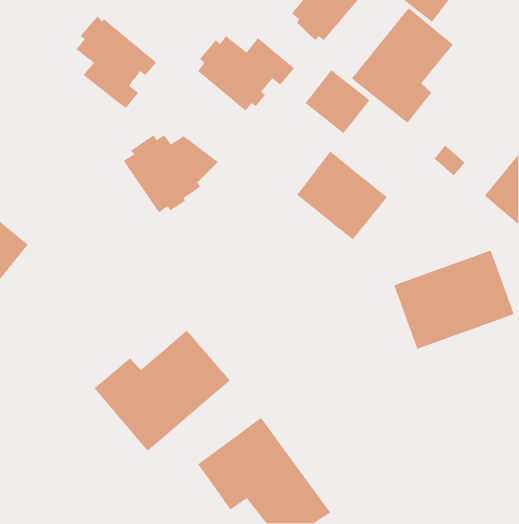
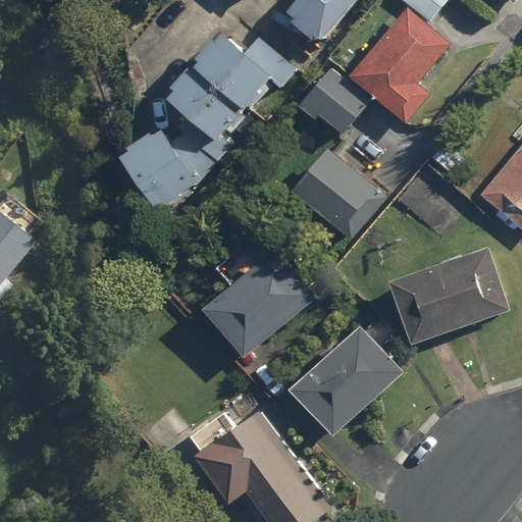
building: [75,15,157,109] -> [166,67,247,160]
building: none -> [204,250,315,358]
building: none -> [290,325,404,437]
building: [94,330,231,452] -> none

